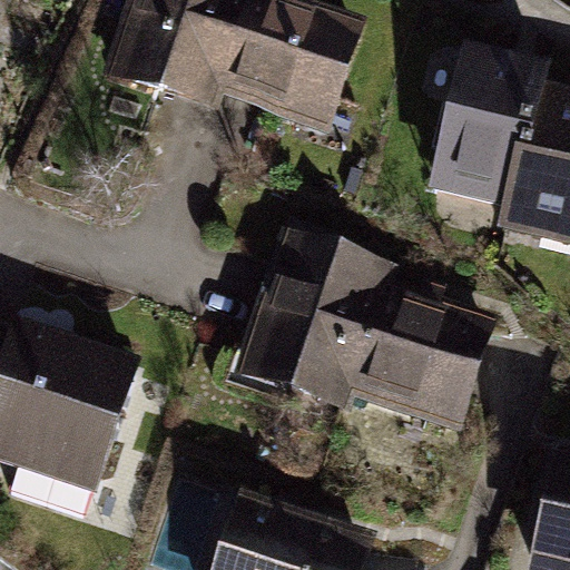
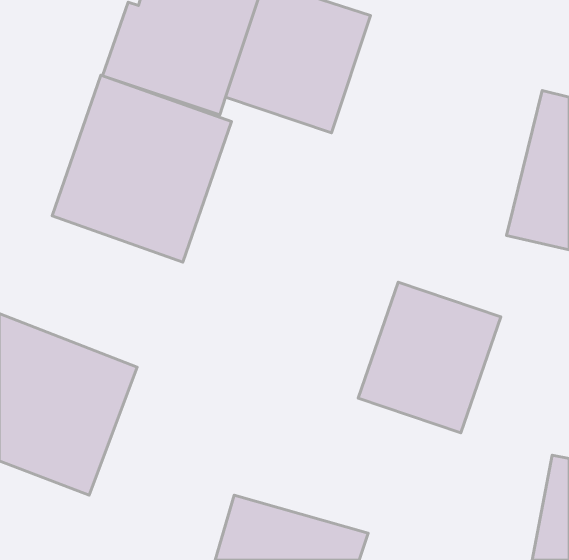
building: [433,48,547,208] -> none
building: none -> [52,75,231,262]
building: [233,225,403,413] -> none

